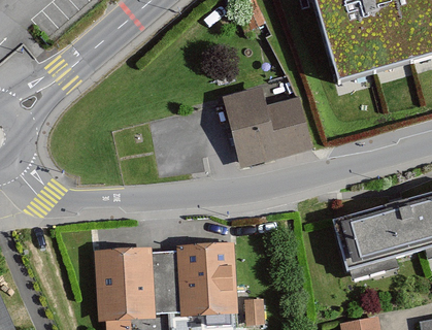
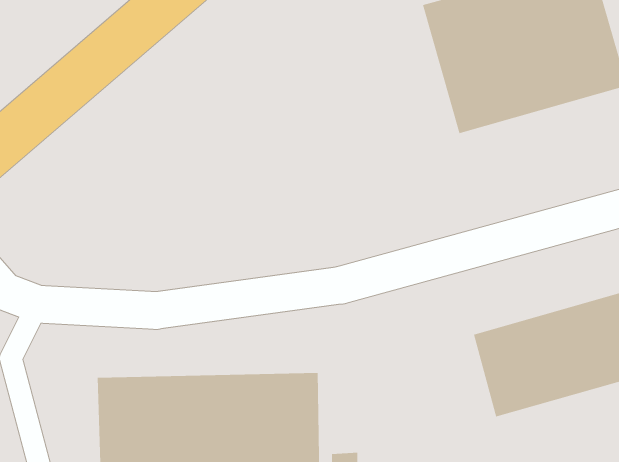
building: [226,89,311,160] -> none

